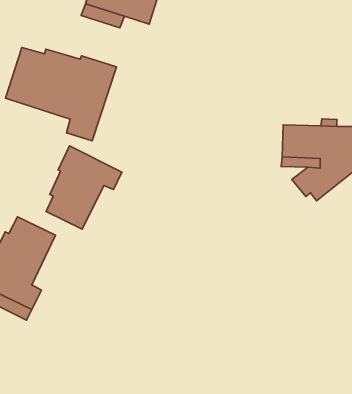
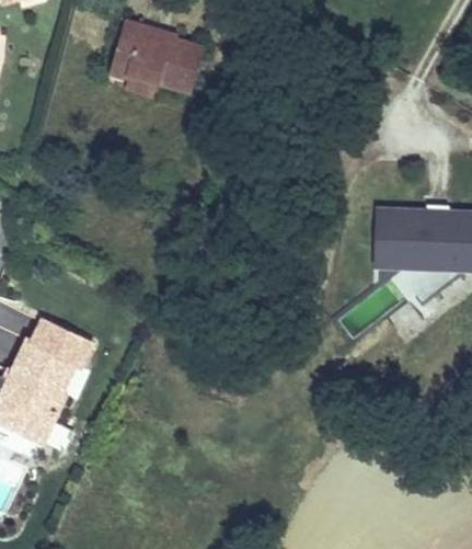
building: [6,47,117,141] -> none
building: [46,146,122,229] -> none

